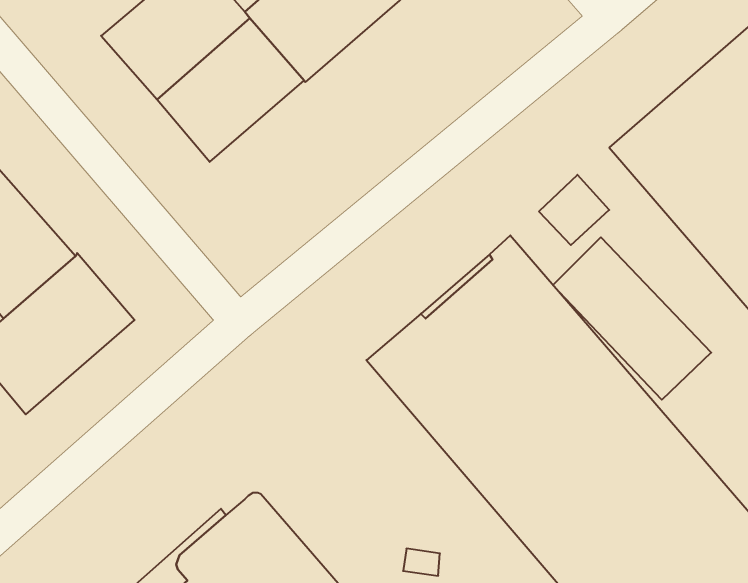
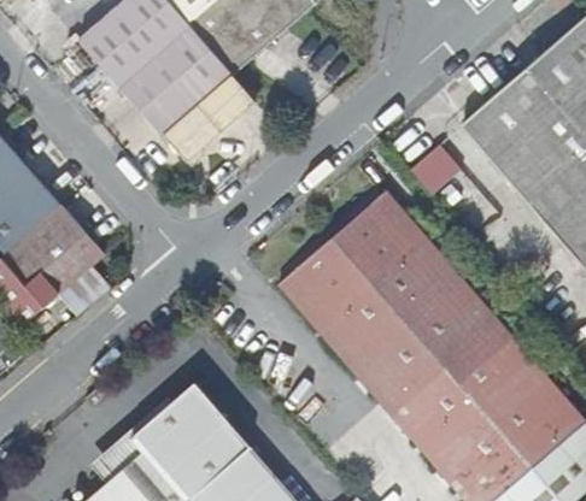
building: none -> [164,75,256,161]
building: [553,237,711,400] -> none

